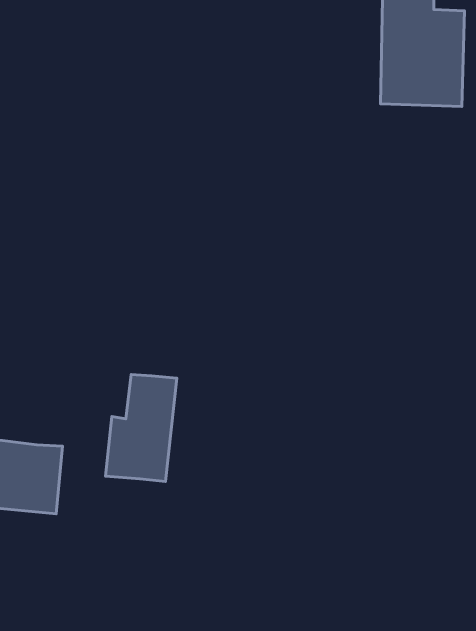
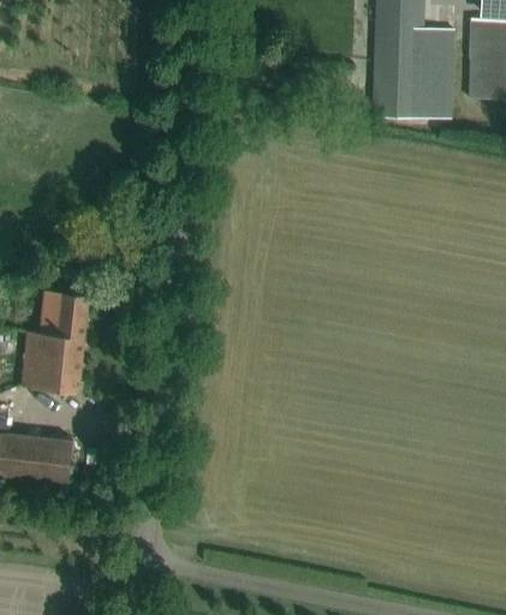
building: [106,374,177,481] -> [22,289,89,390]

